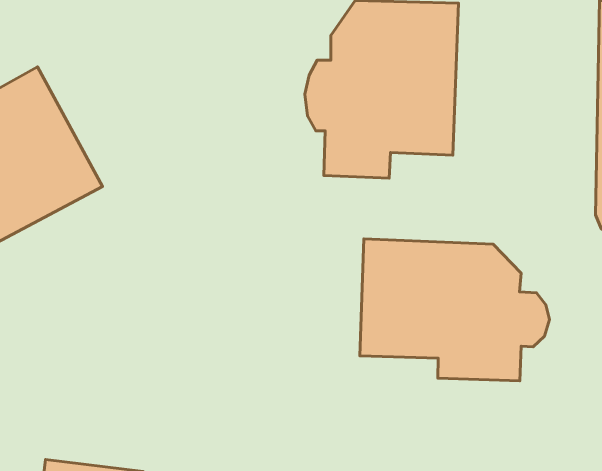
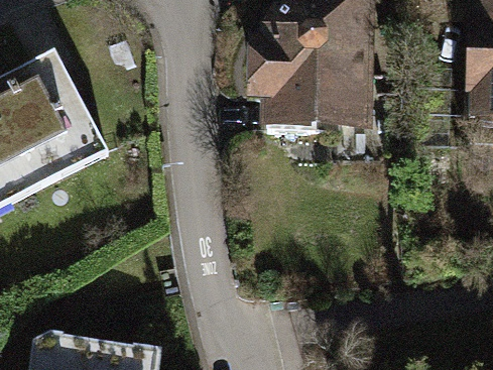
building: [360,239,549,381] -> none

